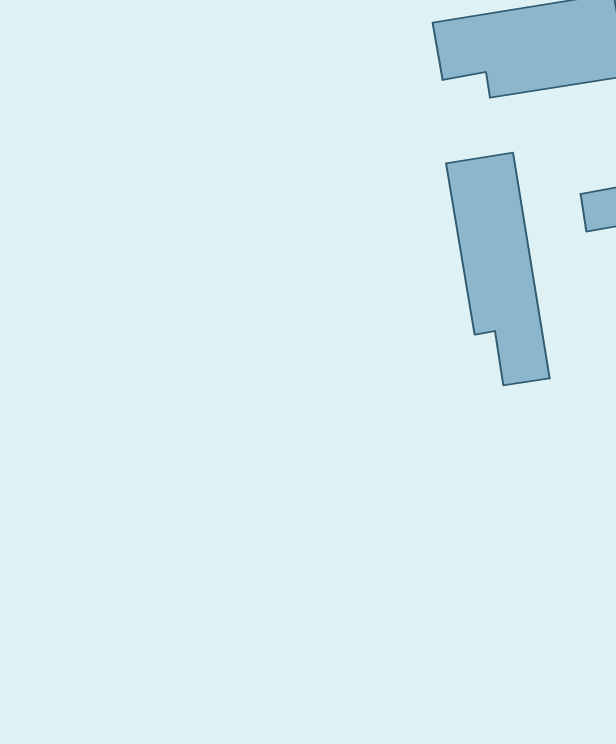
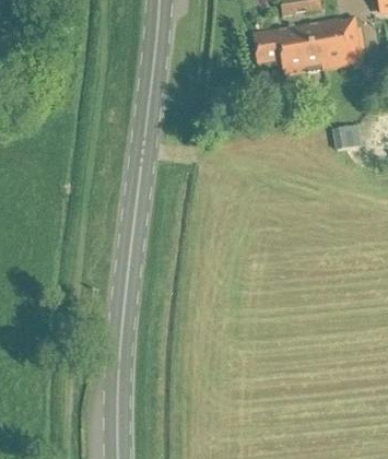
building: [446,153,550,385] -> none

